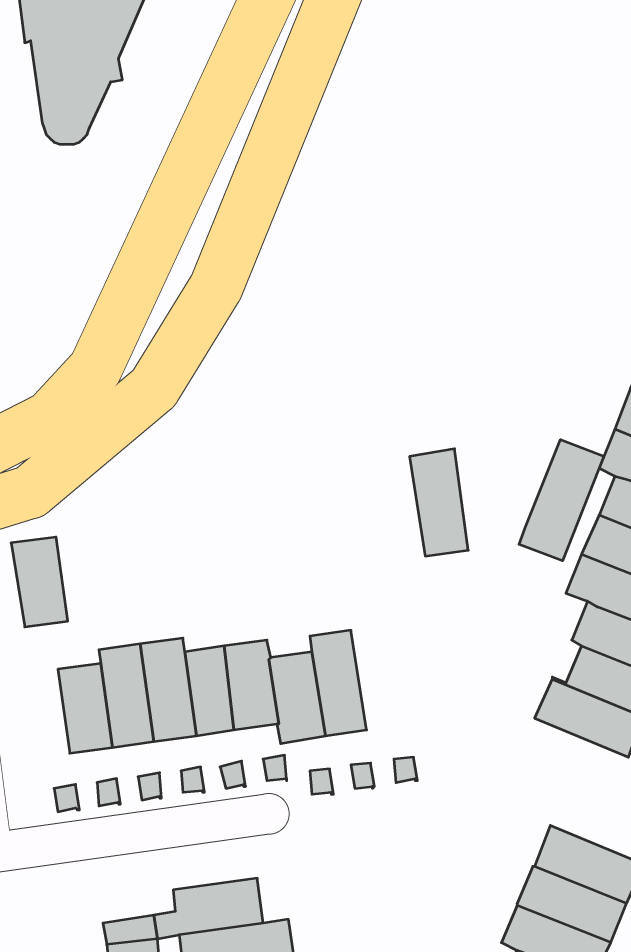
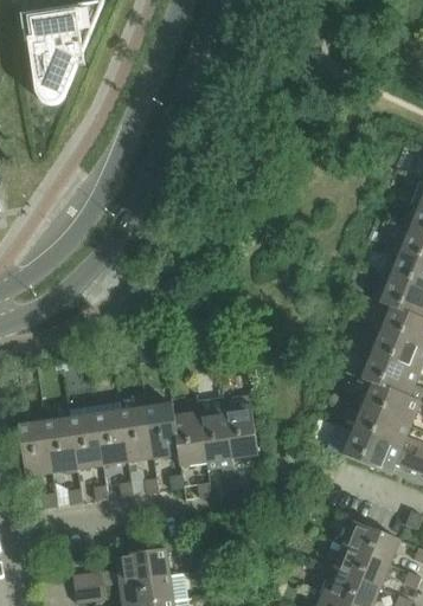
building: [519,440,604,561] -> none
building: [410,449,468,556] -> [224,393,259,458]
building: [11,537,68,627] -> [19,421,53,476]

